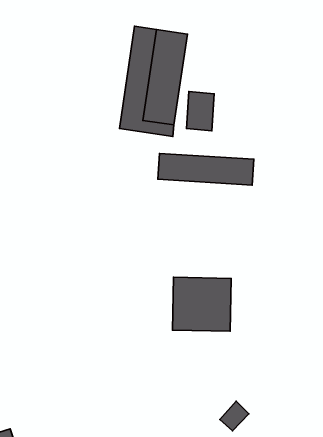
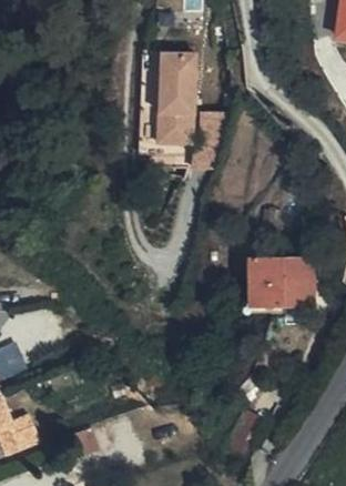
building: [158,153,254,185] -> none
building: [172,277,231,331] -> [256,264,313,316]

